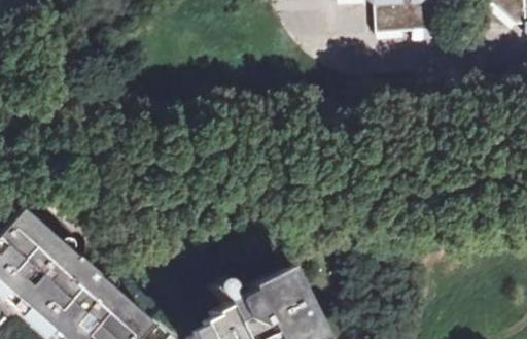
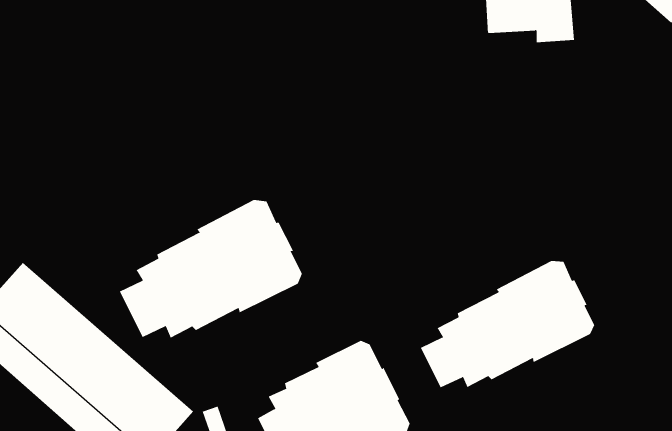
building: none -> [119,199,302,339]
building: none -> [420,260,595,388]

